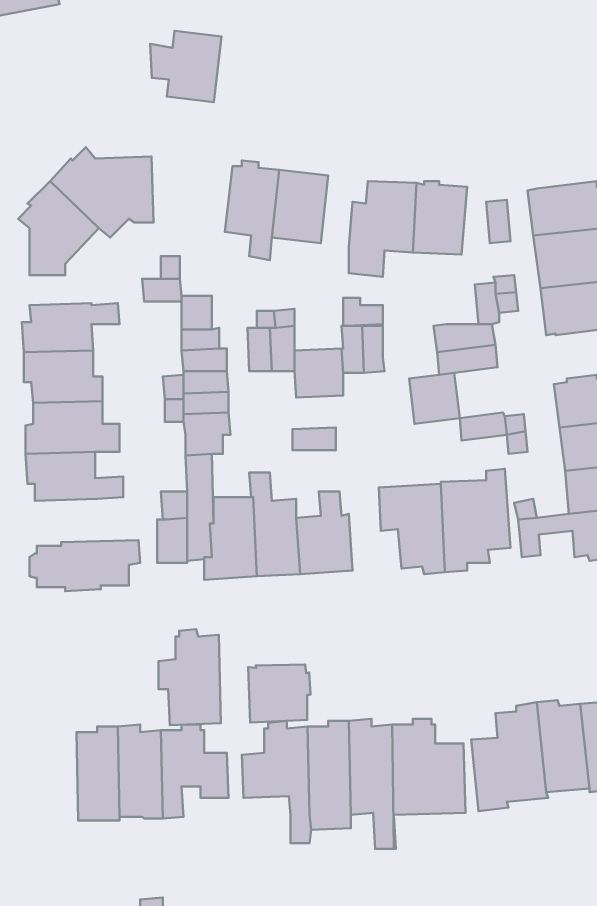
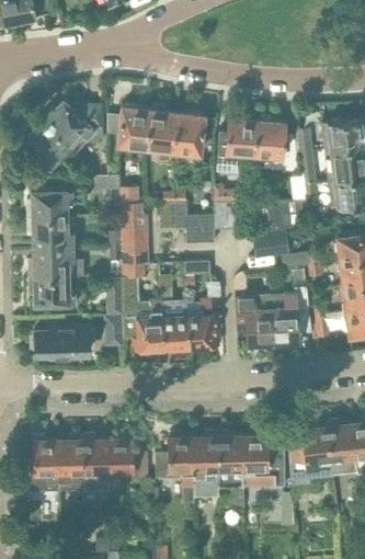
building: [150,31,221,102] -> [107,107,149,149]
building: [159,629,221,725] -> [23,437,59,493]
building: [248,664,310,723] -> none

